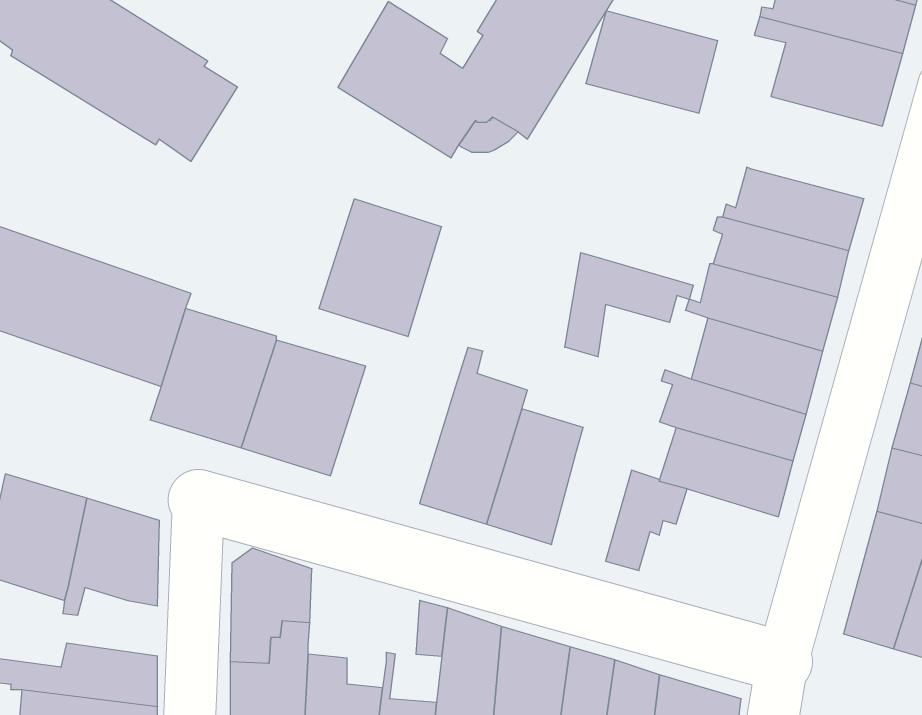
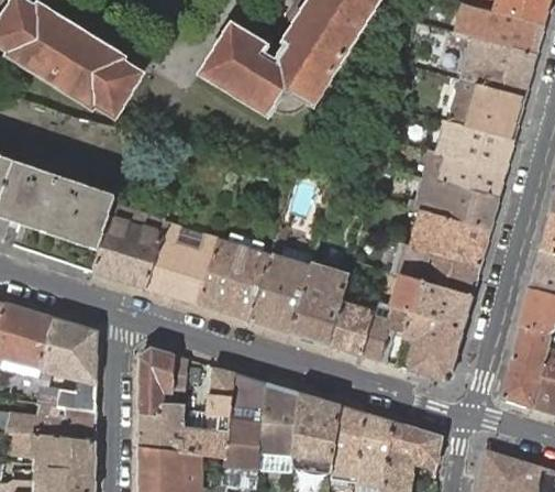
building: [586,11,718,113] -> [446,79,524,140]
building: [319,199,442,337] -> [198,239,270,320]
building: [565,253,693,357] -> none
building: none -> [329,291,376,354]
building: none -> [402,311,463,381]
building: none -> [208,365,234,414]
building: none -> [37,378,96,411]

